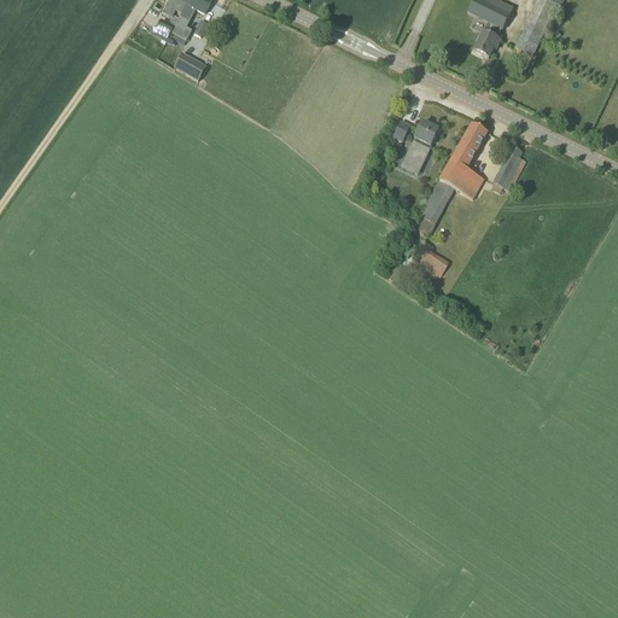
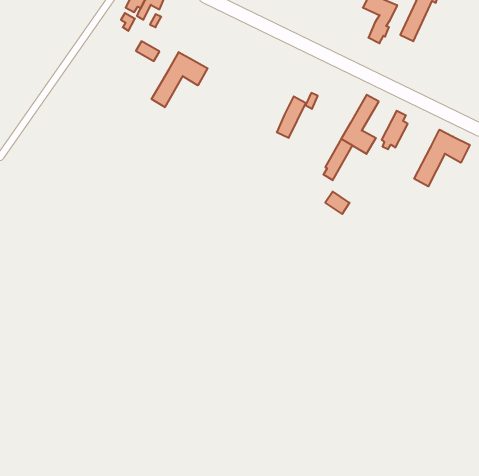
building: none -> [152,52,208,107]
building: [401,119,438,173] -> [277,96,306,138]
building: none -> [414,130,470,186]

